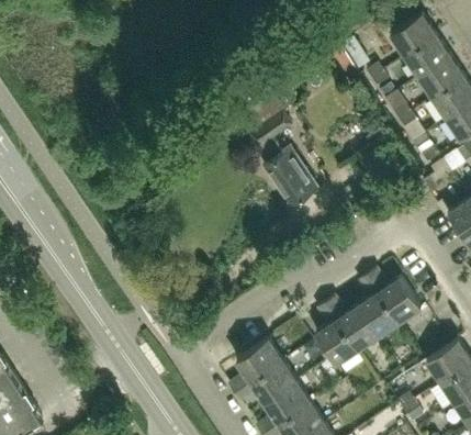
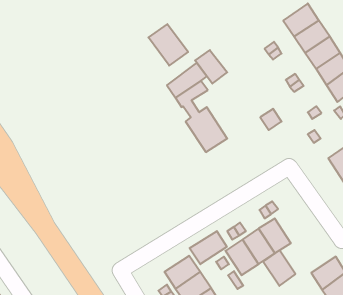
building: none -> [148,24,188,66]
building: none -> [195,50,227,84]
building: [380,278,422,324] -> [263,250,295,286]
building: none -> [190,231,227,264]

